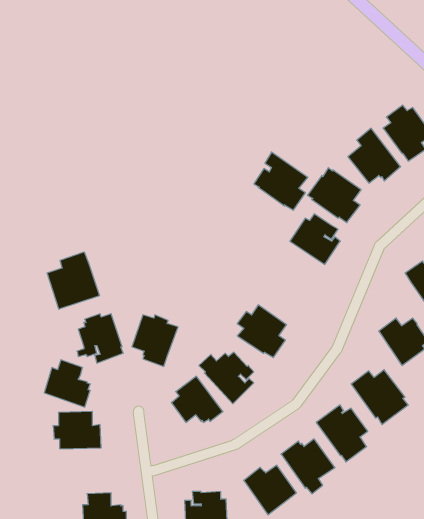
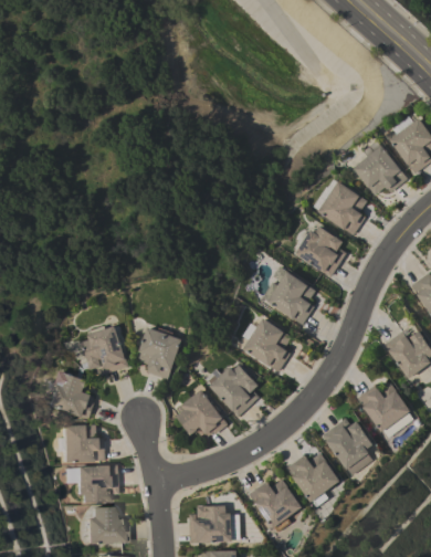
building: [254,152,308,210] -> [262,265,316,324]
building: [47,252,100,309] -> none
building: none -> [65,465,119,503]

